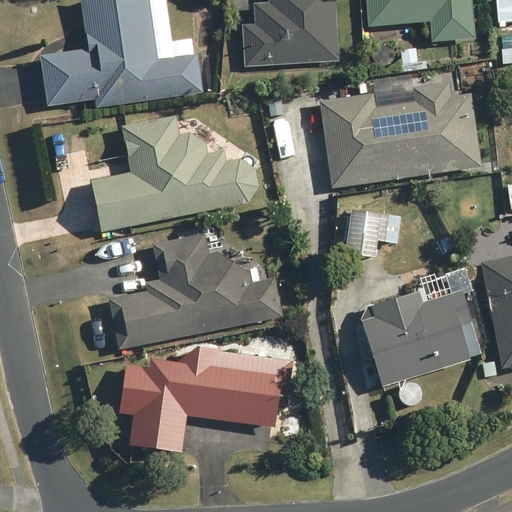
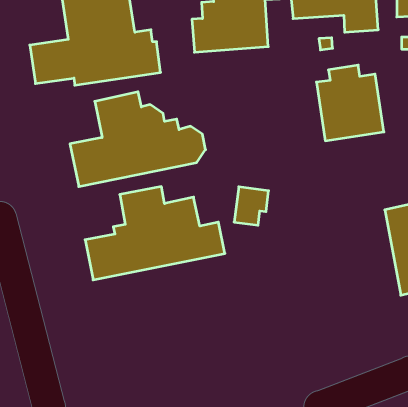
building: [318,92,408,187] -> none
building: [345,209,388,257] -> [234,187,269,225]
building: [361,291,480,387] -> none
building: [118,346,293,452] -> none

